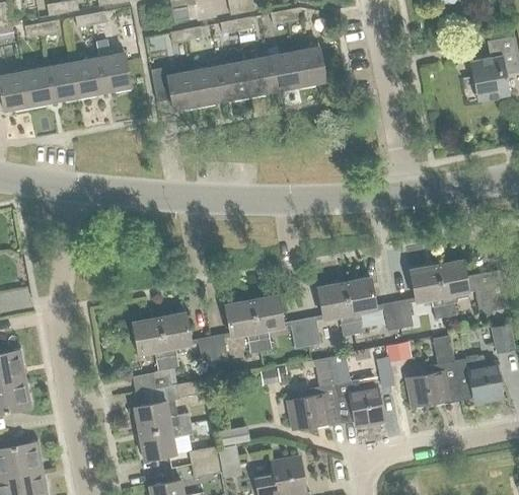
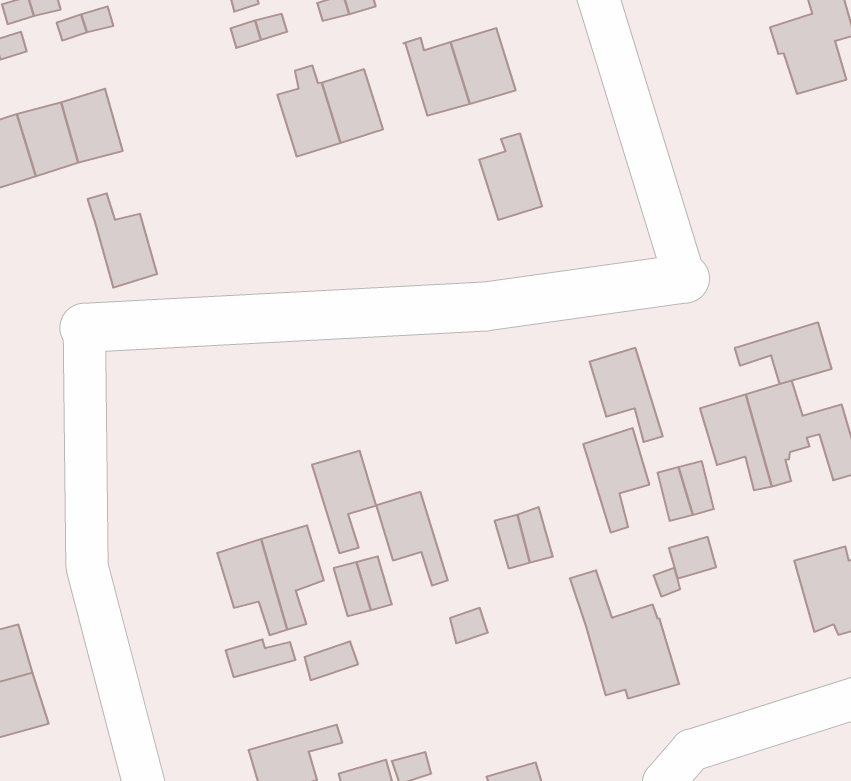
building: [95,41,130,93] -> [88,193,157,288]
building: [243,50,276,96] -> [479,134,542,220]
building: [152,66,201,112] -> none
building: none -> [735,322,832,384]
building: [317,283,354,336] -> [589,348,663,442]
building: [250,295,284,351] -> [312,451,376,553]
building: [406,335,461,407] -> none
building: [287,357,342,430] -> none
building: [135,400,191,434] -> none

